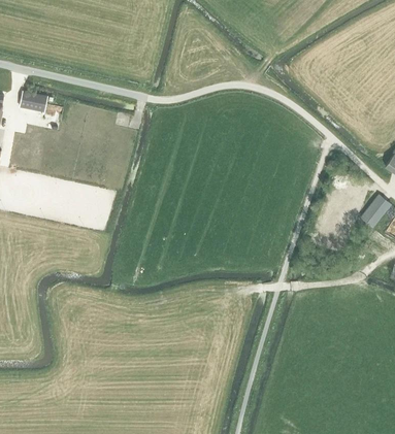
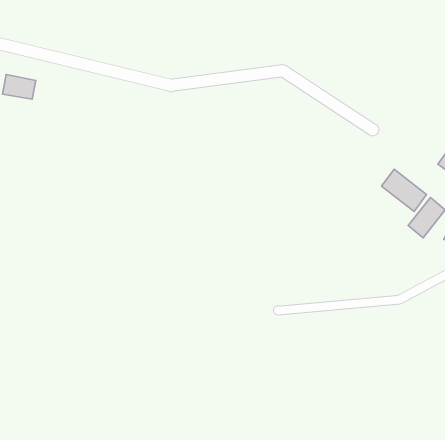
building: none -> [382,169,426,211]

